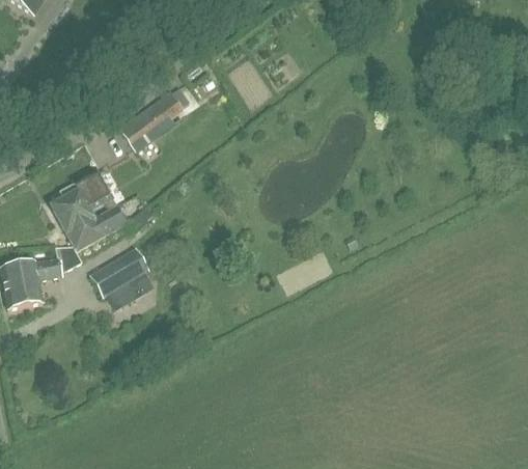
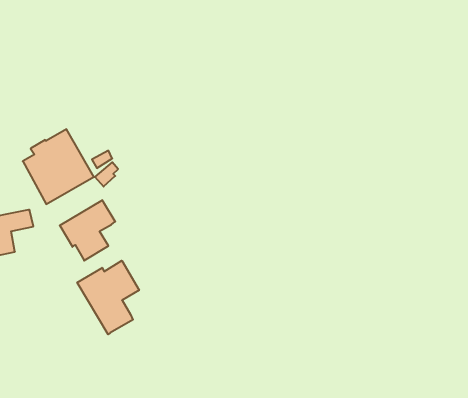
building: [119,86,184,147] -> none
building: none -> [77,261,139,334]

